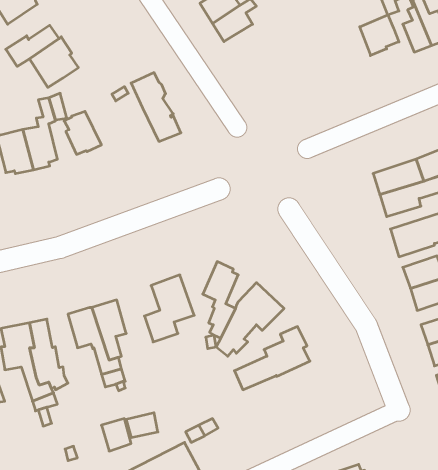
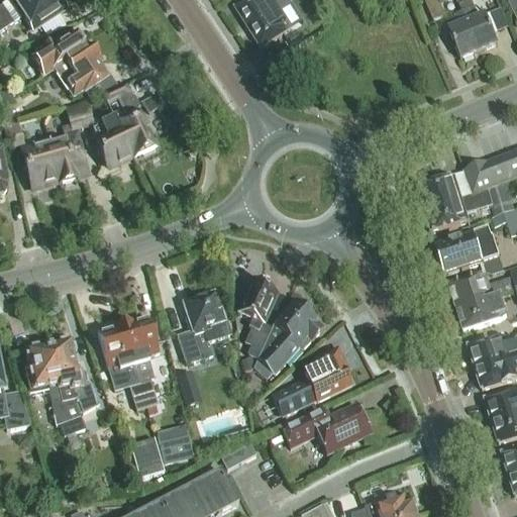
building: [360,15,399,56] -> none
building: [131,73,181,141] -> [103,82,156,154]
building: none -> [268,403,371,452]

